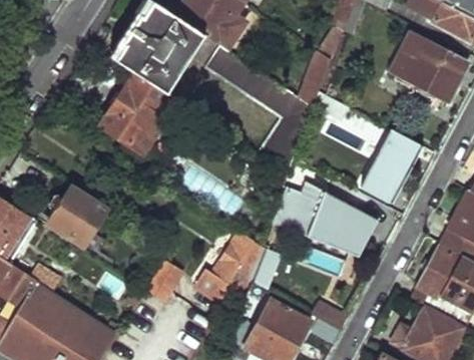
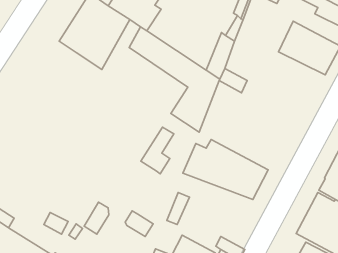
building: [102,72,179,153] -> none
building: [362,130,421,203] -> none
building: [49,185,108,247] -> none
building: [213,232,255,290] -> [141,127,174,174]

